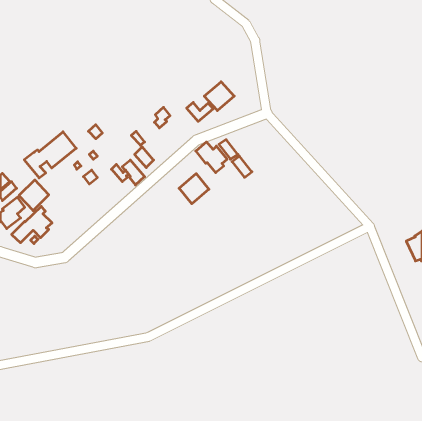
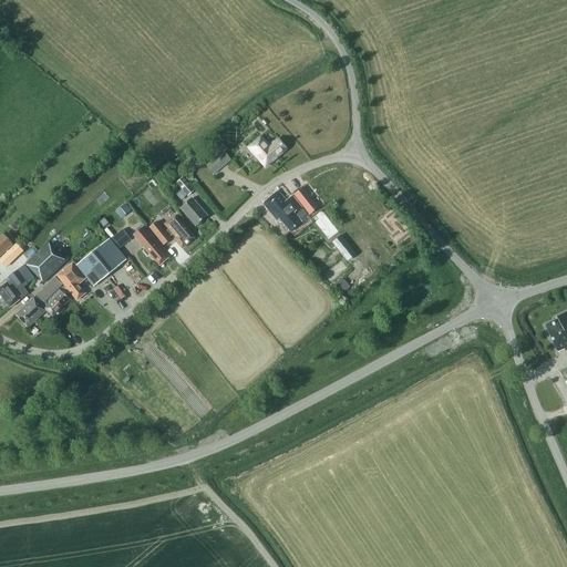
building: [204,82,234,111] -> none
building: [24,132,76,178] -> [56,237,126,299]
building: none -> [133,224,171,265]
building: [179,174,209,204] -> none

